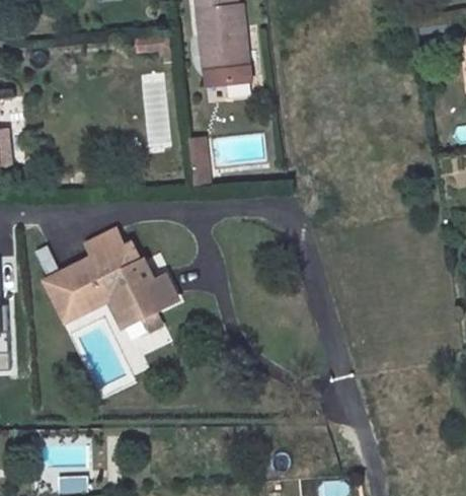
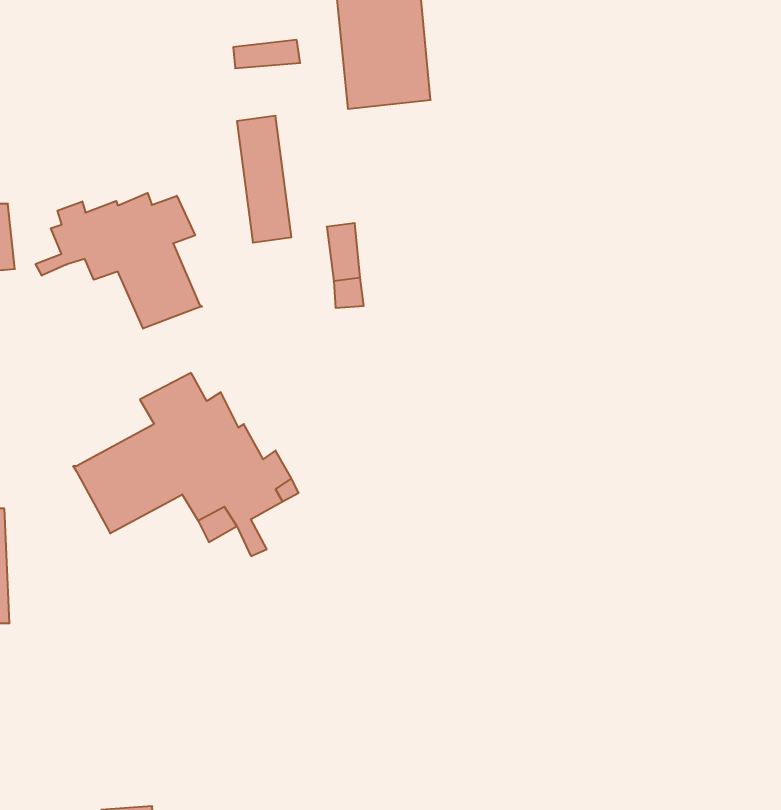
building: none -> [36,193,202,329]

